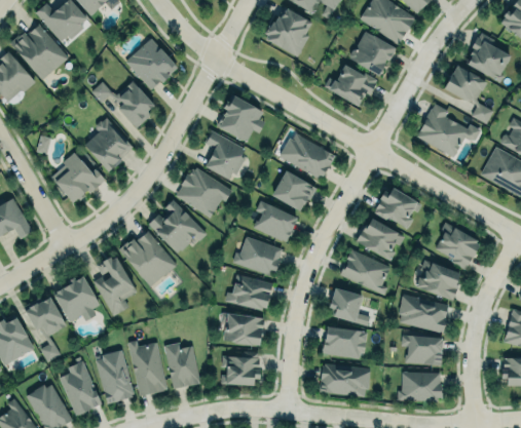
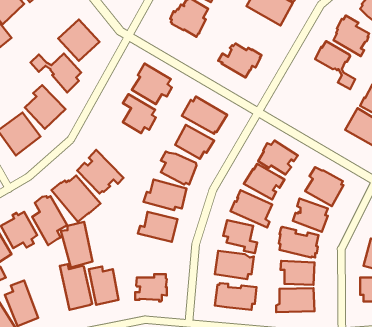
building: [348,33,396,78] -> none
building: [416,104,481,157] -> none
building: [176,167,232,217] -> none
building: [225,312,264,345] -> none
building: [94,348,133,404] -> [61,222,93,267]

